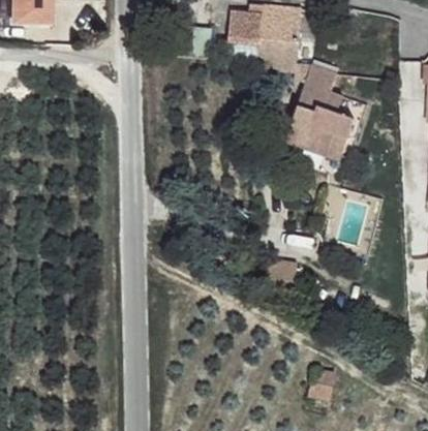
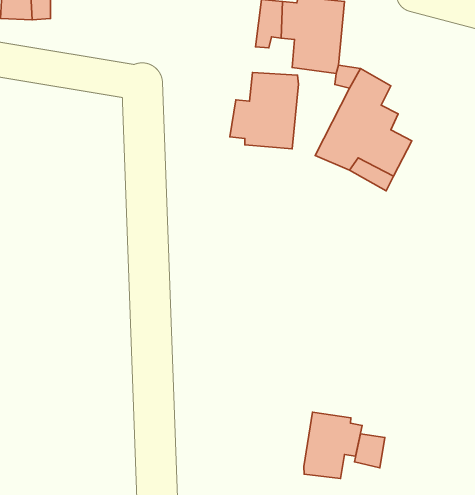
building: none -> [230,73,298,149]
building: none -> [304,412,362,479]

